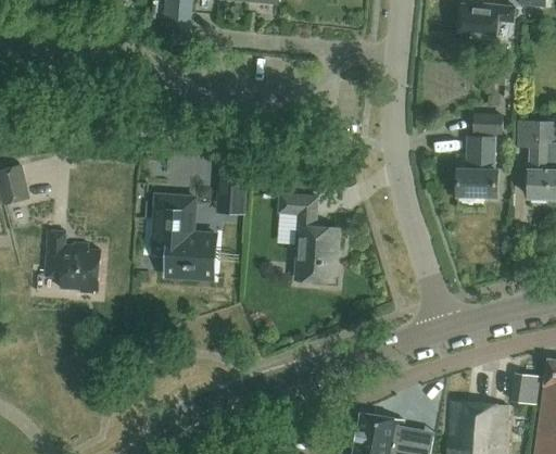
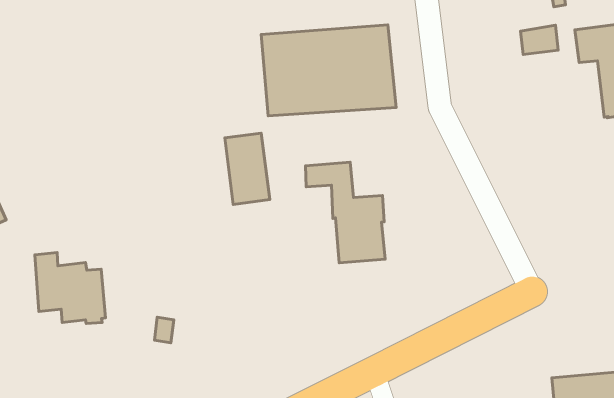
building: none -> [261,25,396,116]
building: [457,136,497,193] -> none
building: [150,194,218,285] -> none

